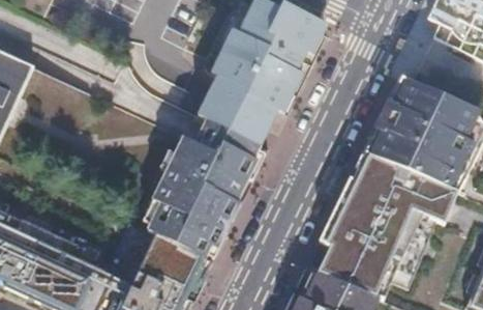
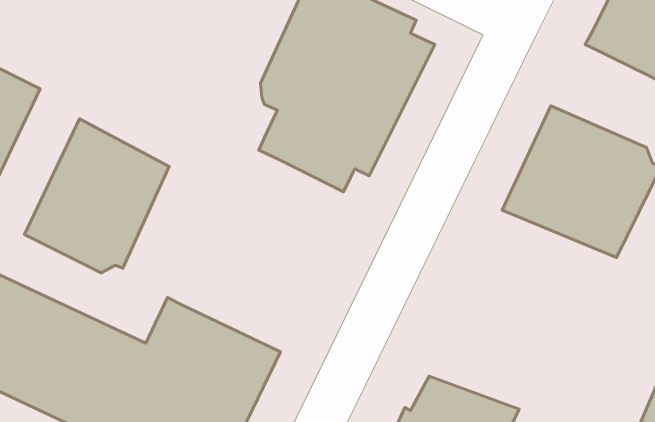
building: none -> [24,119,169,273]
building: [137,118,264,258] -> none
building: [315,156,451,300] -> none

